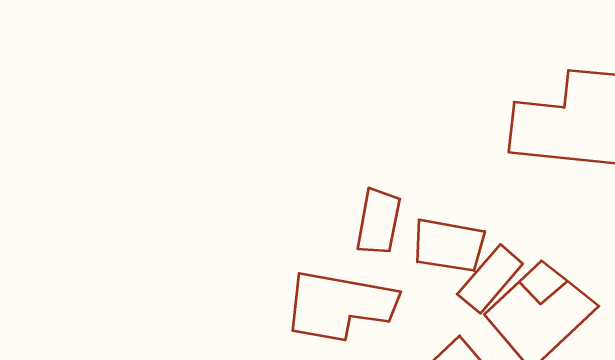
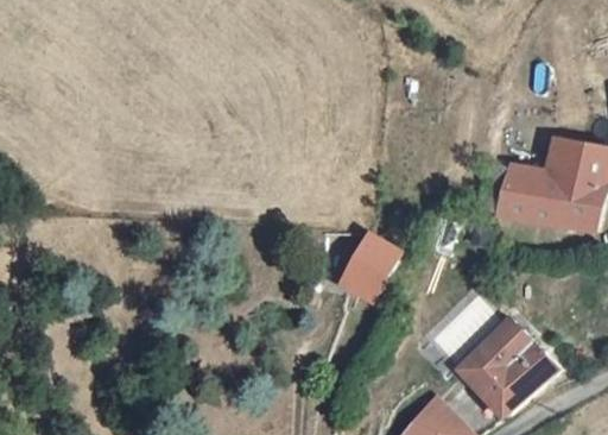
building: [417,220,485,271] -> none
building: [293,273,401,340] -> none

